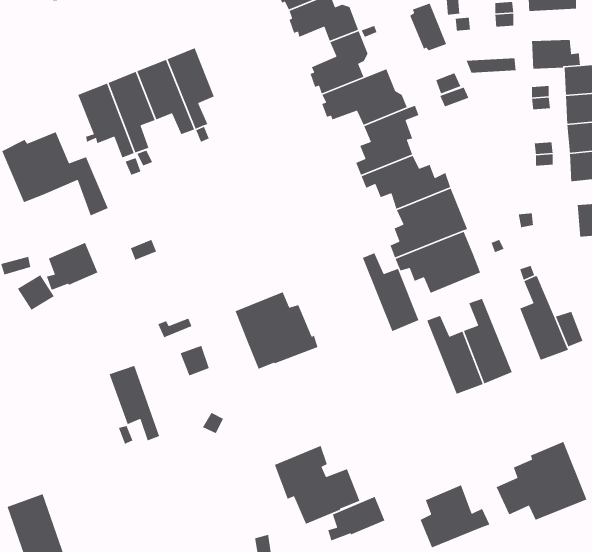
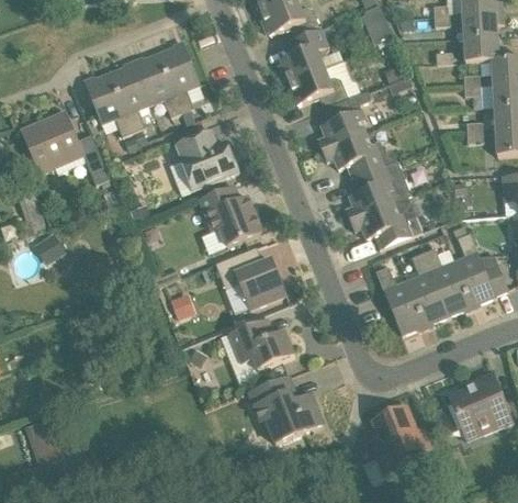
building: none -> [462,11,504,37]
building: none -> [177,130,238,189]
building: none -> [201,186,262,246]
building: [46,242,99,291] -> none
building: [362,252,419,332] -> [424,248,472,315]
building: [108,365,160,441] -> none
building: none -> [229,318,295,370]
building: [327,496,386,542] -> none

